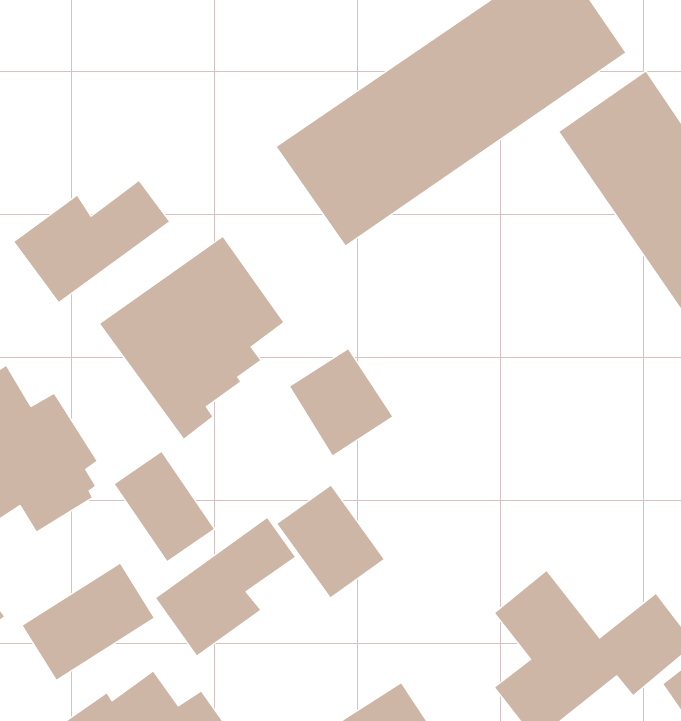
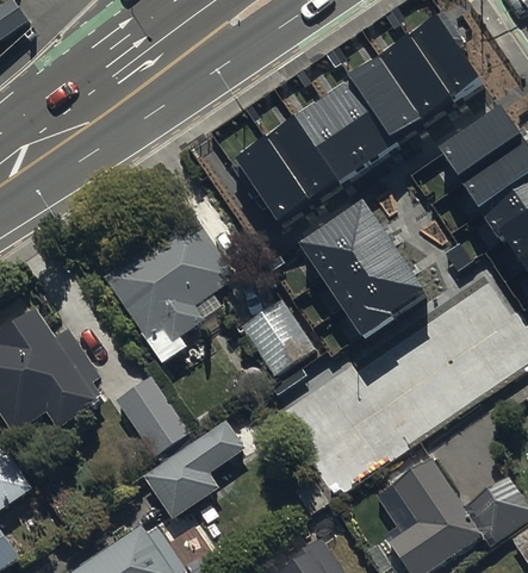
building: [14,180,170,303] -> none
building: none -> [296,195,422,332]
building: [277,485,385,598] -> none
building: [22,563,155,680] -> none

